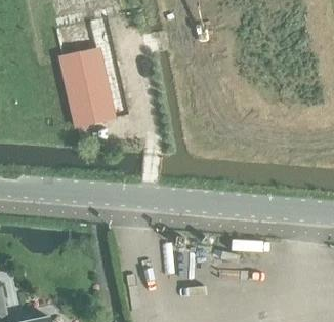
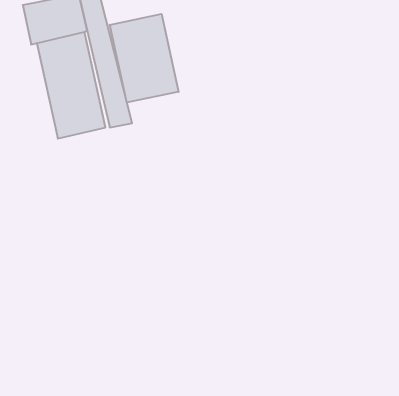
building: none -> [110,14,179,103]

